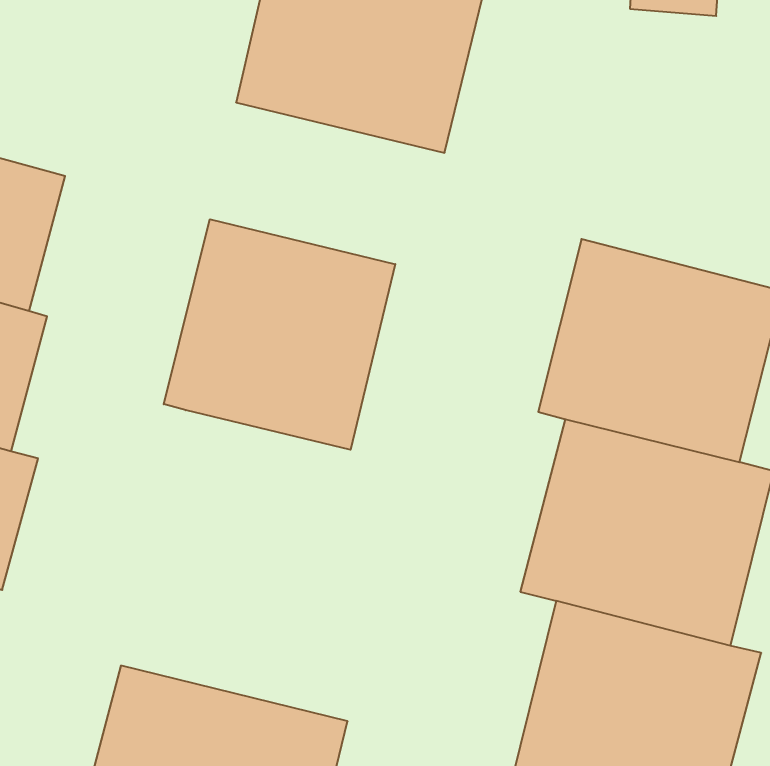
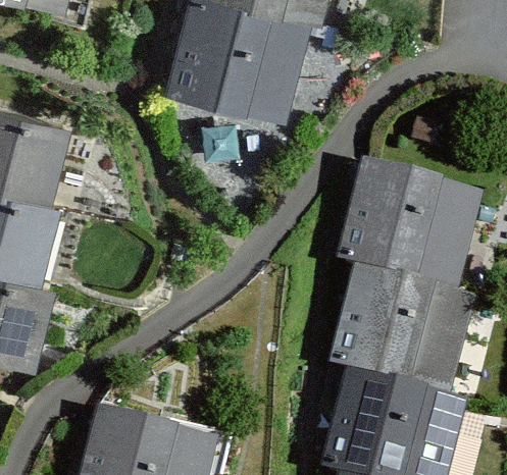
building: [164,219,395,450] -> none

